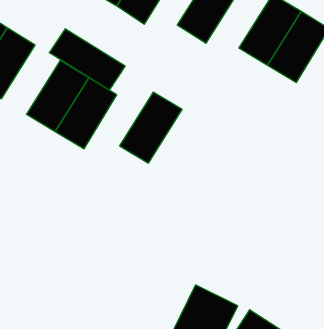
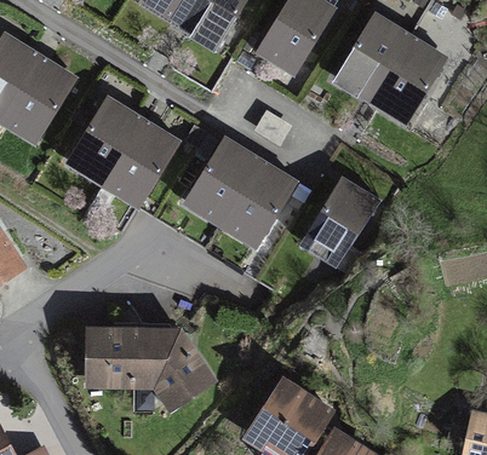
building: [49,29,125,90] -> none
building: none -> [219,159,298,249]
building: none -> [300,178,379,267]
building: none -> [75,316,213,417]

